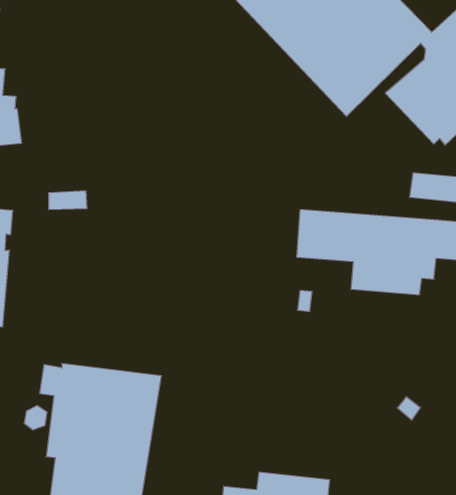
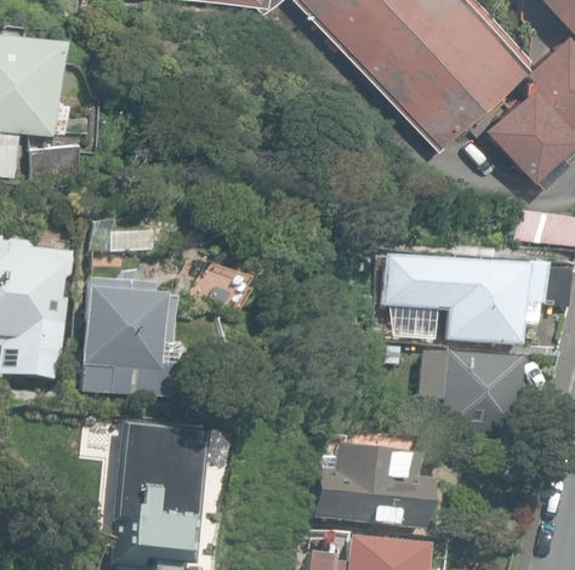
building: none -> [82,272,189,397]
building: none -> [416,348,519,435]
building: none -> [315,446,428,531]

